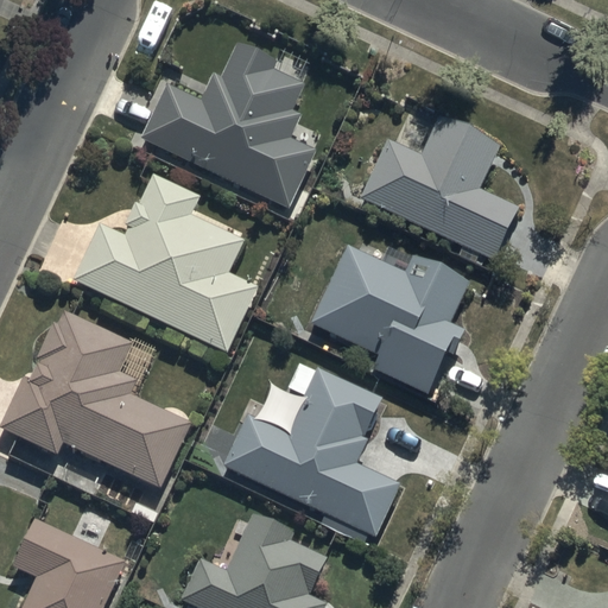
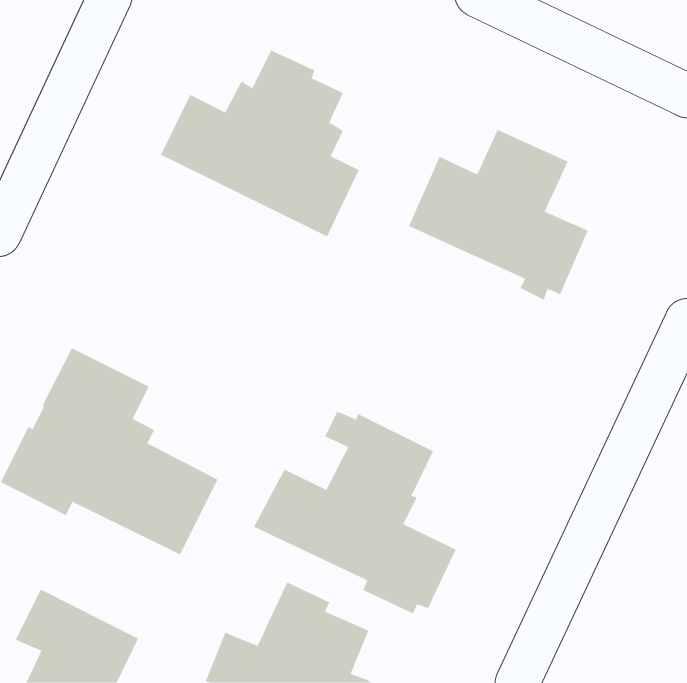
building: [74,172,259,352] -> none
building: [312,245,468,394] -> none

